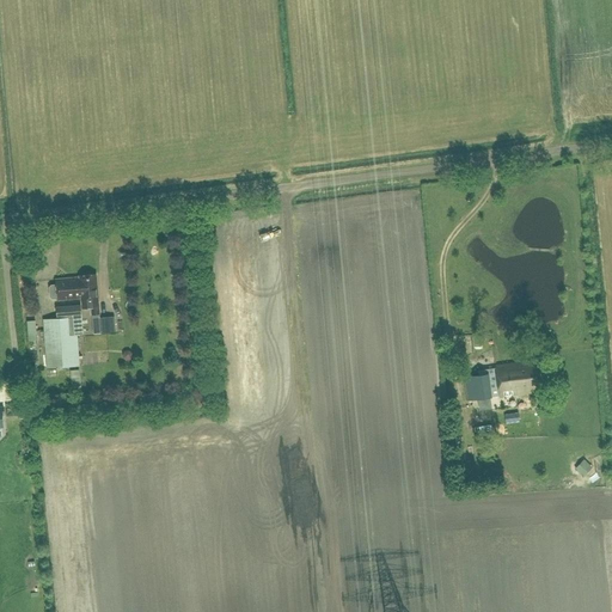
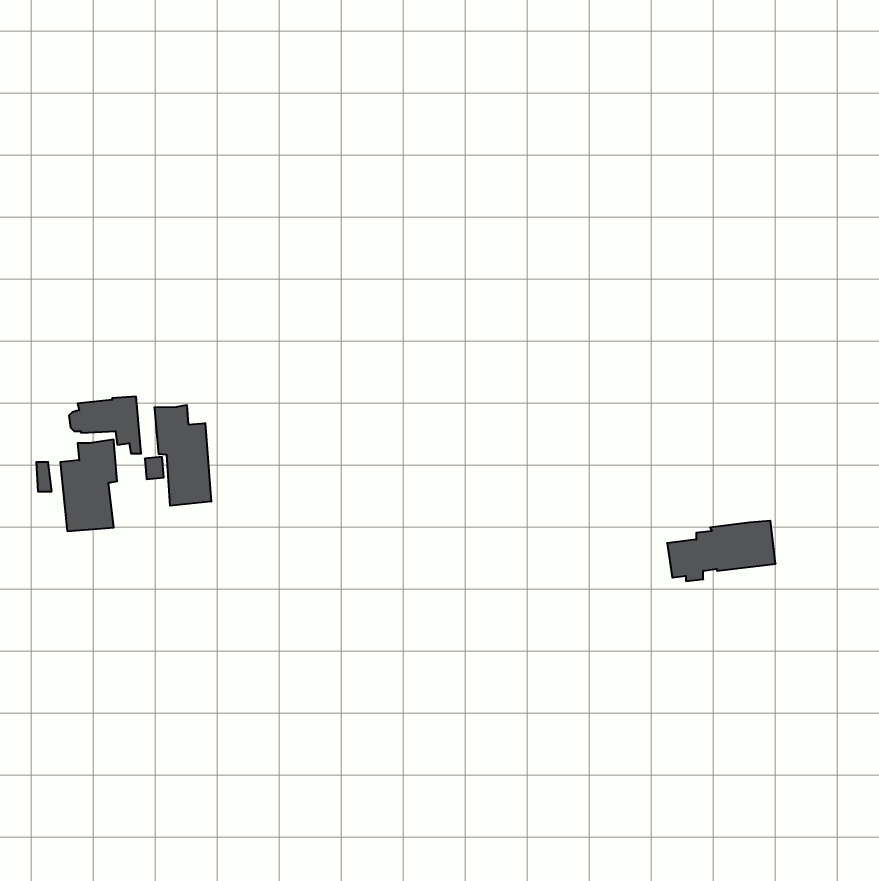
building: none -> [155,405,211,506]

